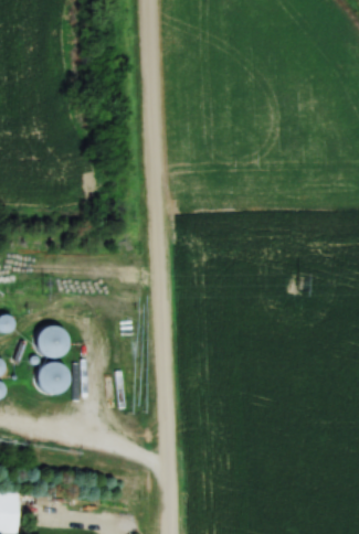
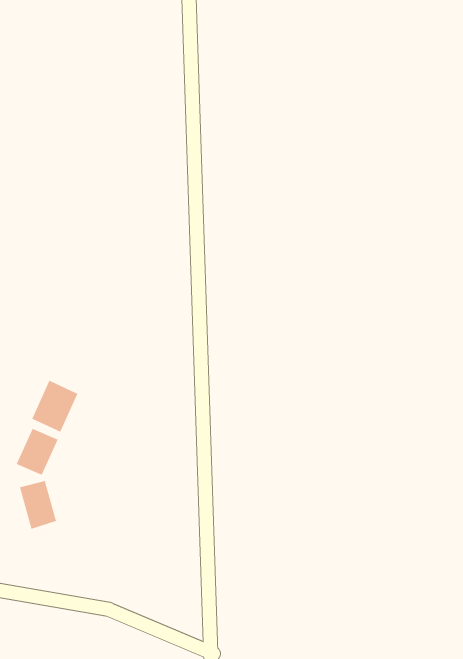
building: none -> [32,380,78,433]

